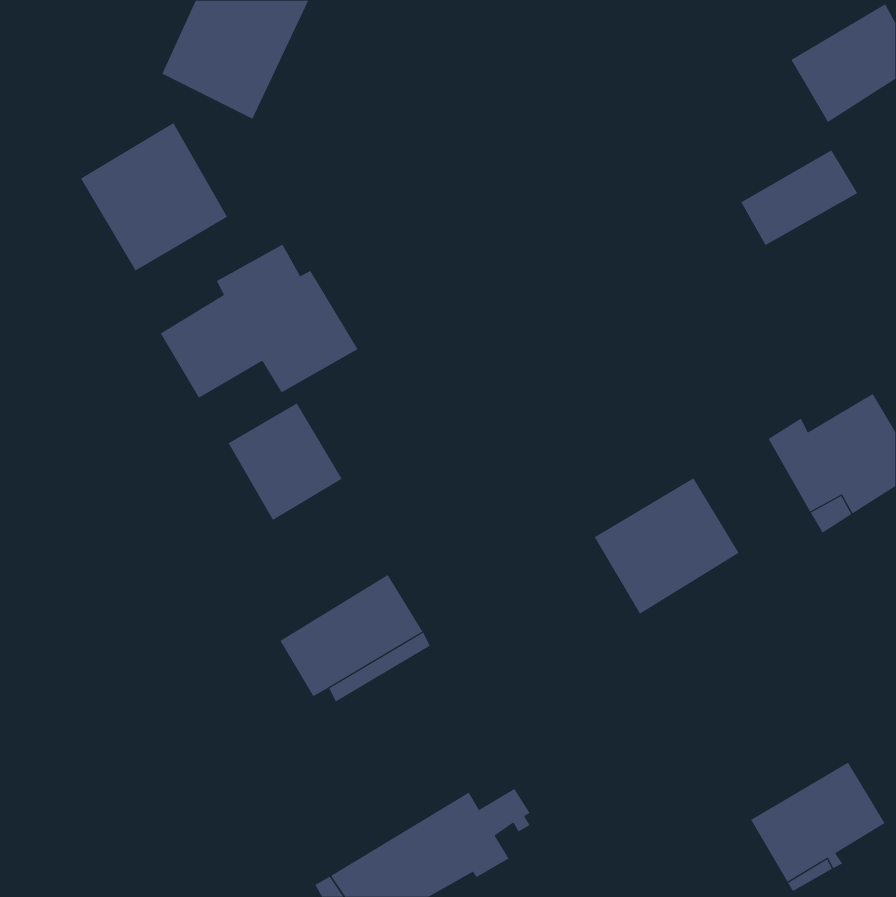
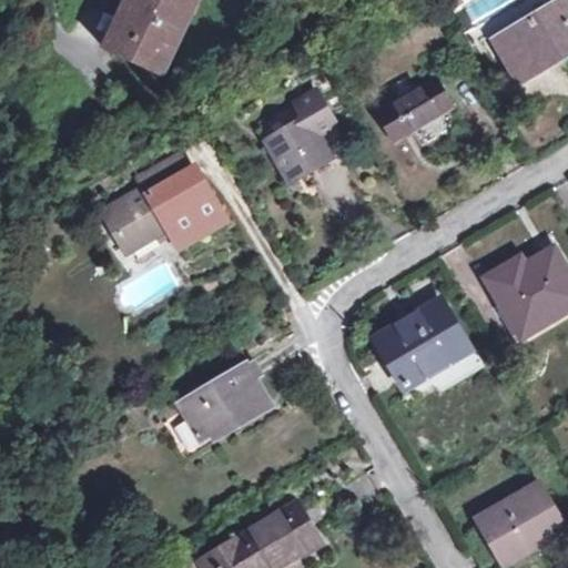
building: [80,122,228,271] -> none
building: none -> [266,91,348,181]
building: [740,149,858,246] -> [377,78,452,139]
building: [228,402,342,521] -> none

